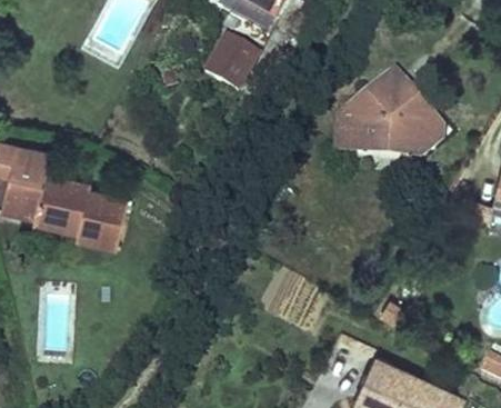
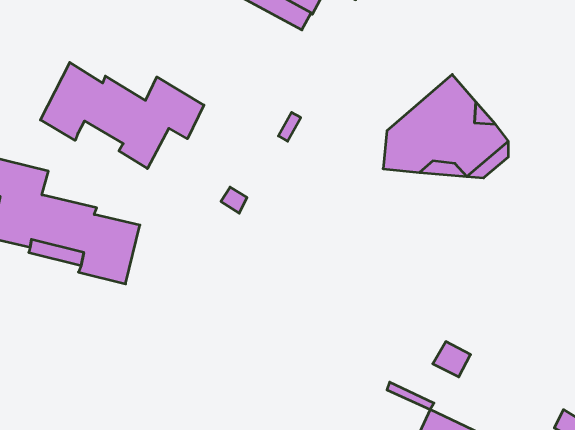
building: [204,34,259,91] -> none
building: none -> [40,62,204,169]

